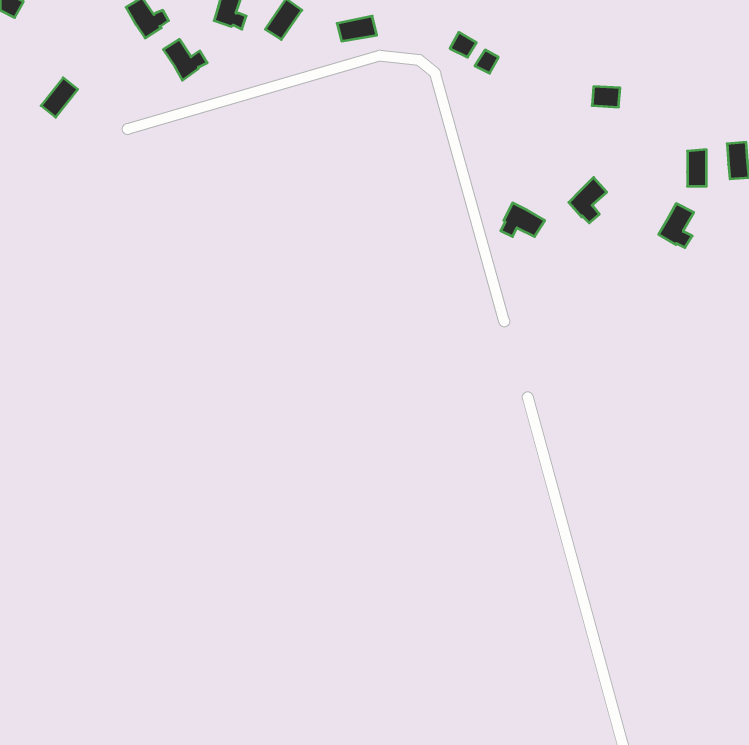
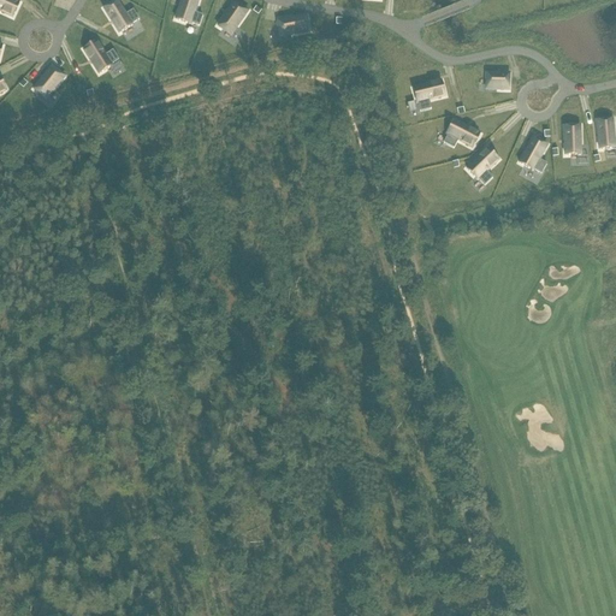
building: [163,39,207,80] -> [83,38,119,72]
building: none -> [413,78,445,109]
building: [501,203,545,237] -> [444,118,480,146]
building: [659,204,694,248] -> [519,135,547,171]

